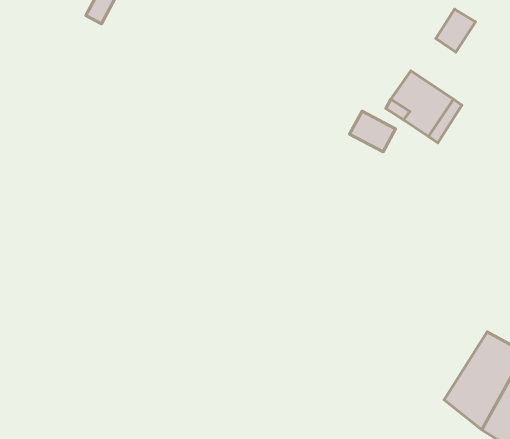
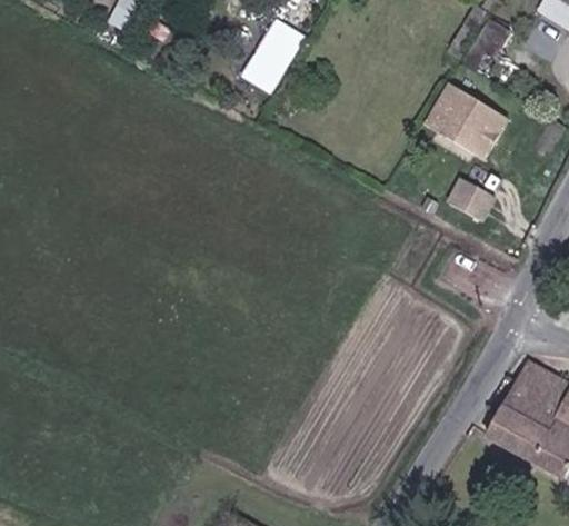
building: none -> [240,19,302,92]
building: [350,111,396,152] -> [446,179,495,222]

